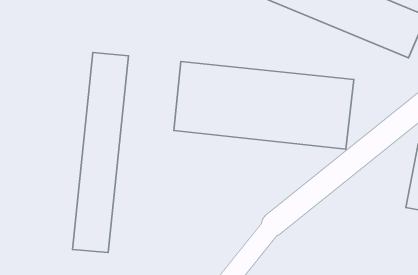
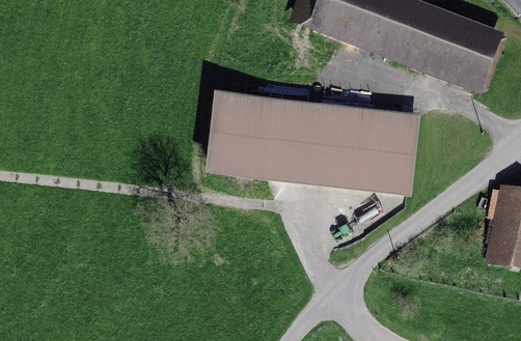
building: [72,52,128,253] -> none

